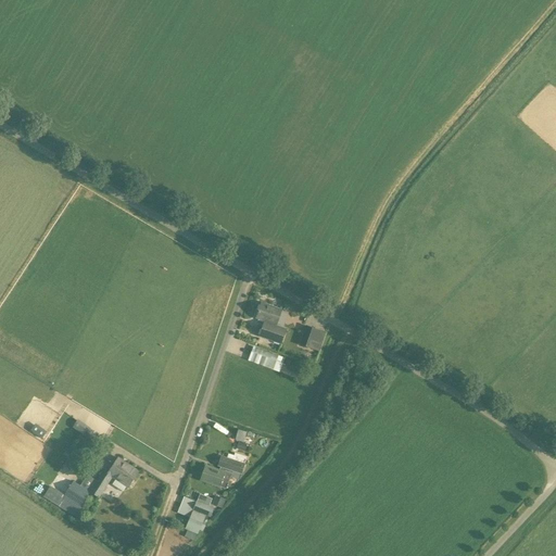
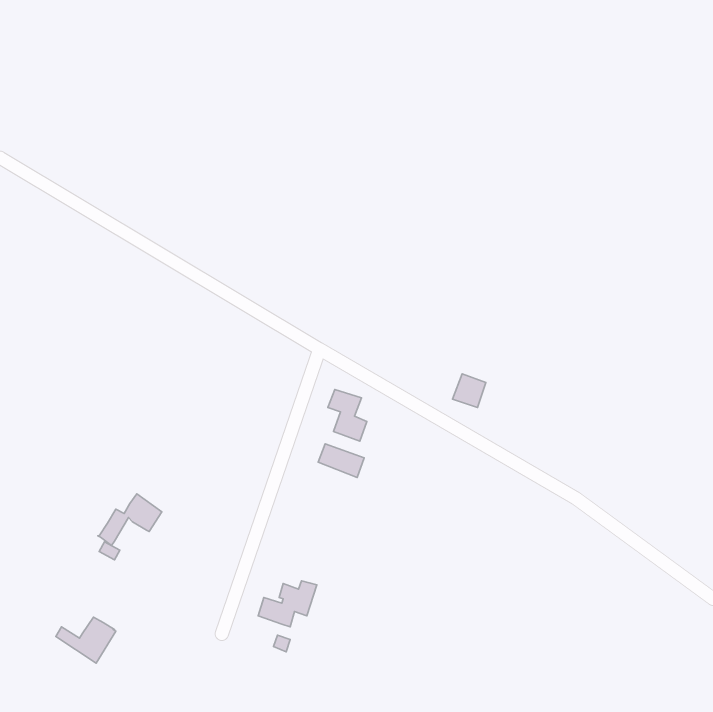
building: [299,325,325,351] -> [452,374,486,407]
building: [88,457,138,497] -> [98,494,162,545]
building: [186,500,214,532] -> none

